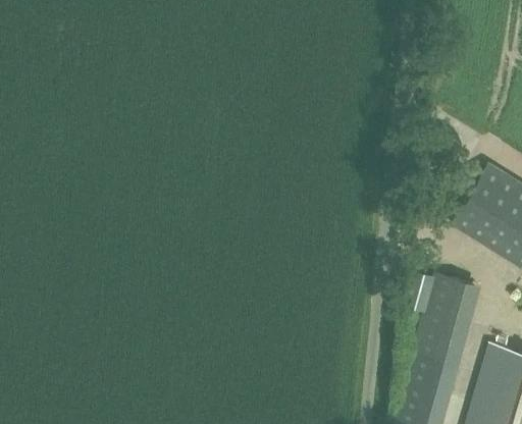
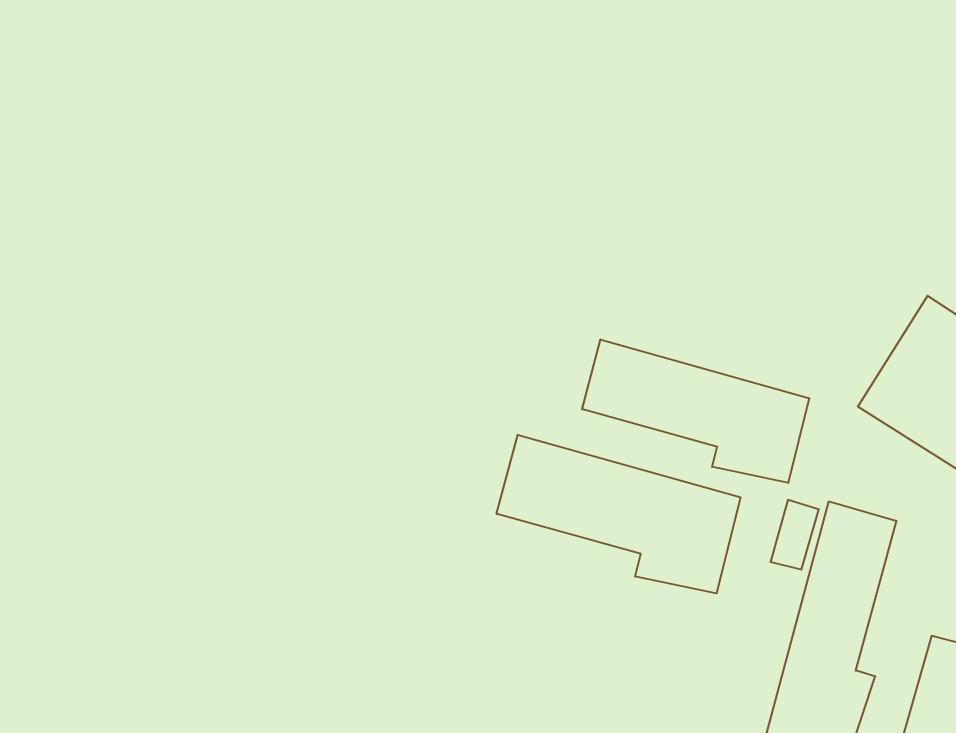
building: none -> [582,339,809,483]
building: none -> [497,435,740,593]

